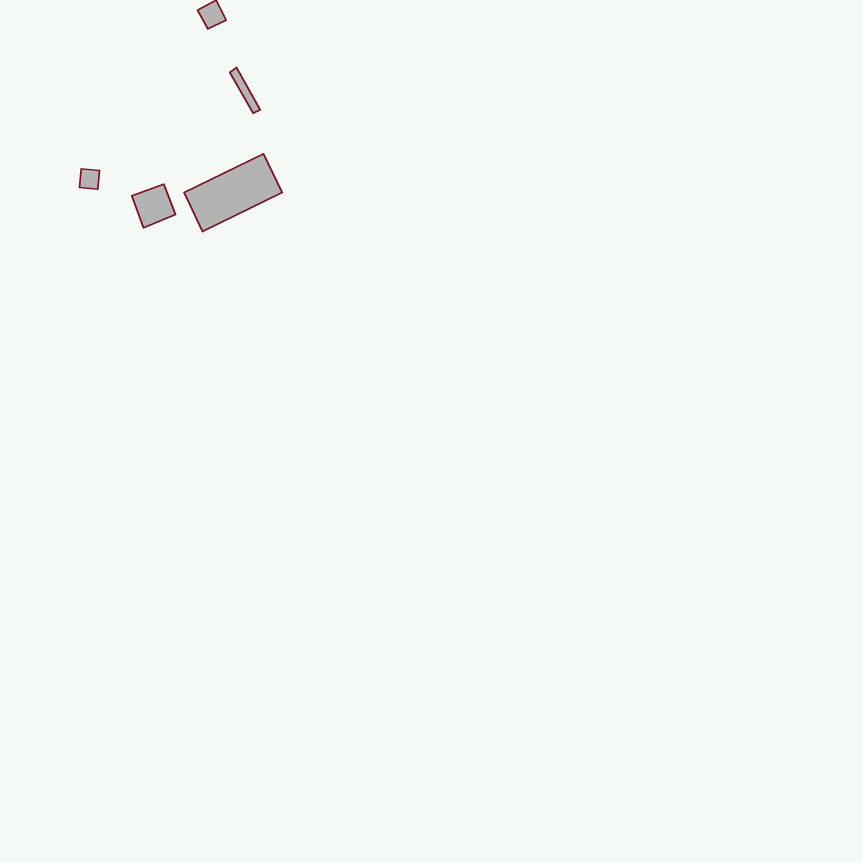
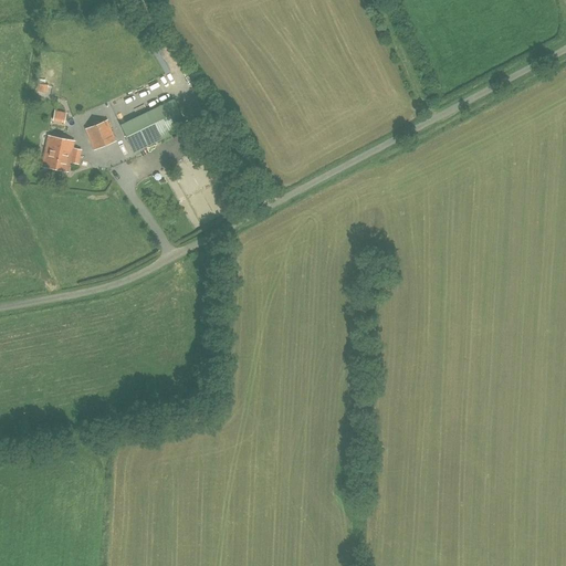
building: none -> [42,136,73,171]

